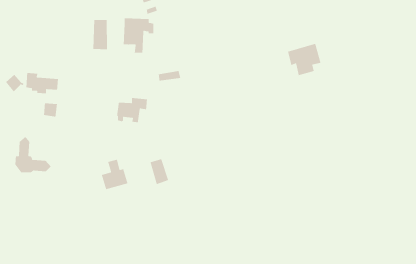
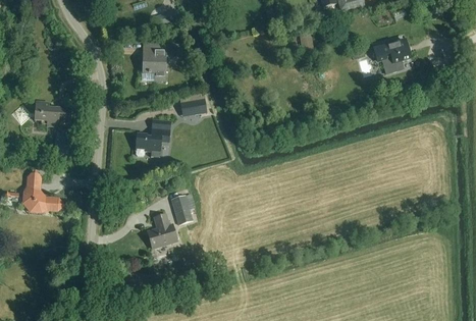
building: [92,19,108,50] -> none
building: [287,43,321,76] -> [373,37,411,73]
building: [101,159,129,190] -> [147,214,177,249]

